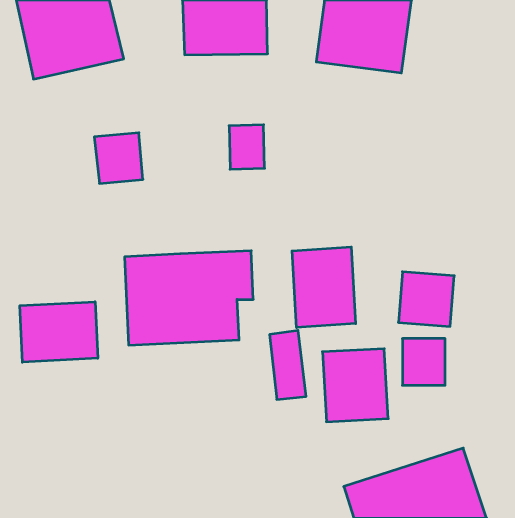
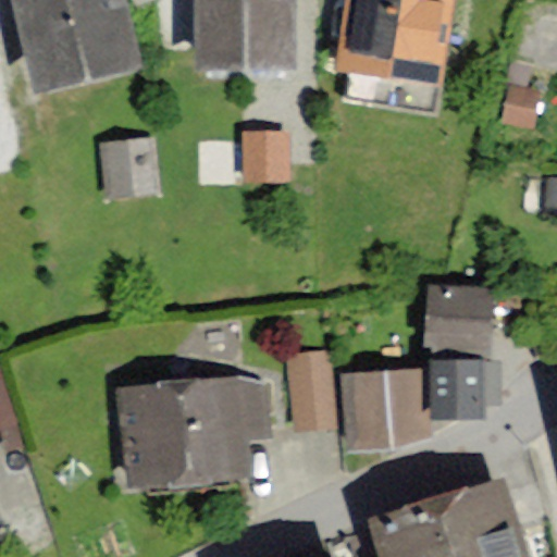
building: [292,247,356,328] -> none
building: [125,251,253,345] -> [123,381,261,482]
building: [20,302,98,362] -> none

